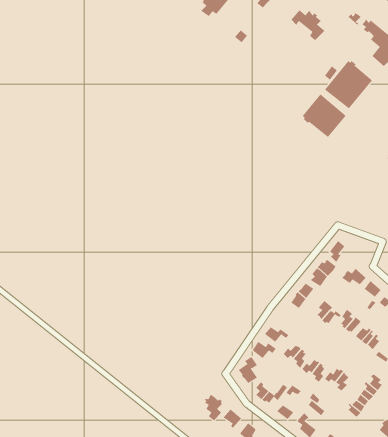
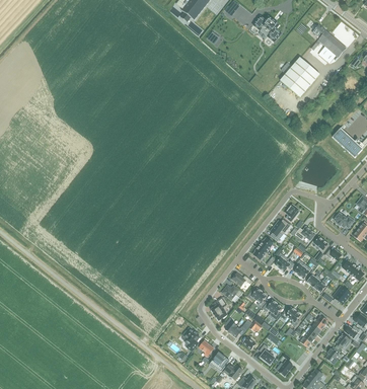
building: [302,94,346,138] -> none

